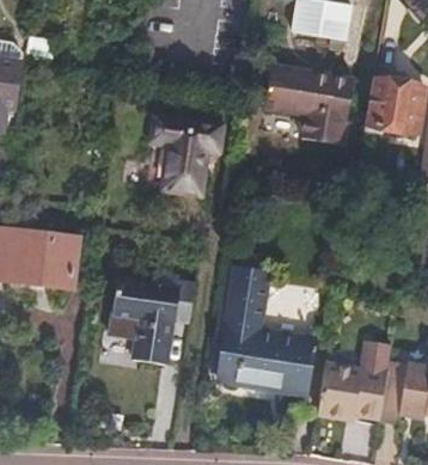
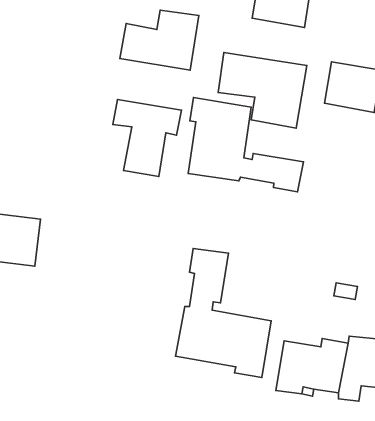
building: none -> [120,10,199,70]
building: none -> [188,98,304,192]
building: [114,280,194,357] -> none

